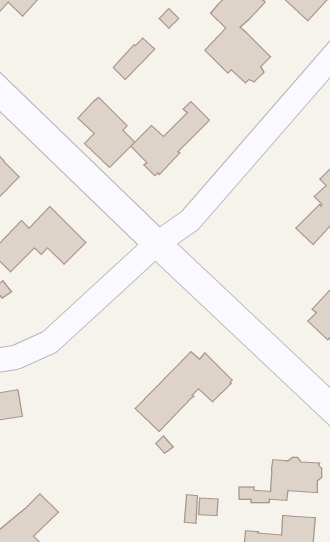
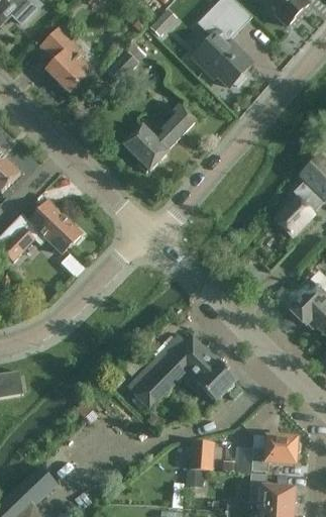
building: [78,97,135,167] -> [40,26,93,91]
building: none -> [180,358,237,399]
building: none -> [190,439,214,470]

